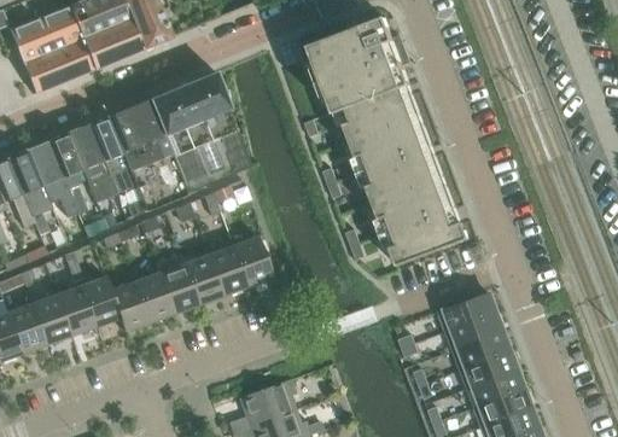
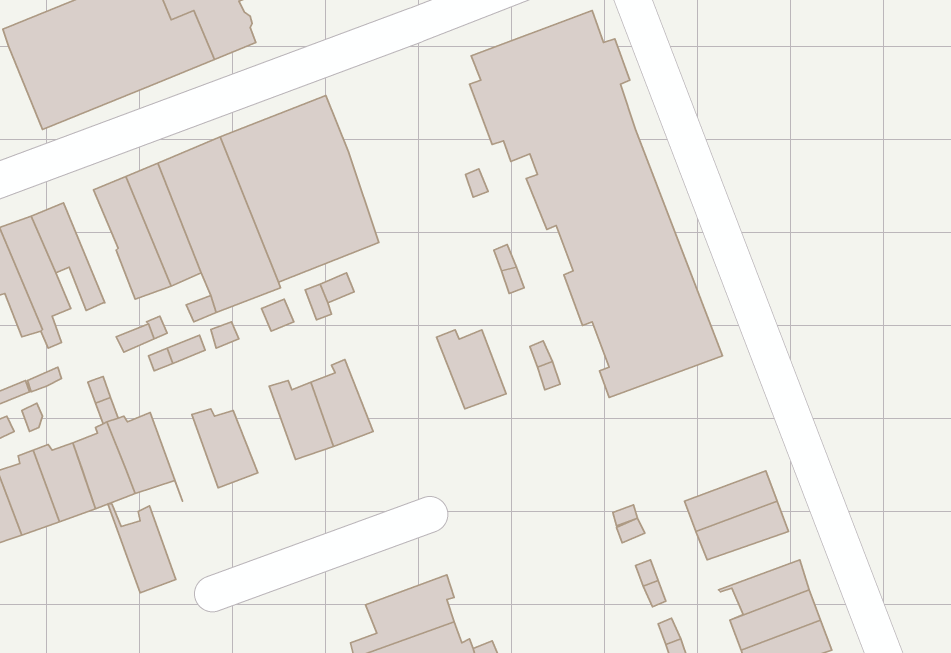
building: [47,133,87,215] -> none
building: [227,237,272,287] -> [436,330,506,409]
building: [156,258,196,314] -> none
building: [103,275,146,332] -> [108,504,176,593]
building: [437,293,496,332] -> none
building: [459,351,518,389] -> none

